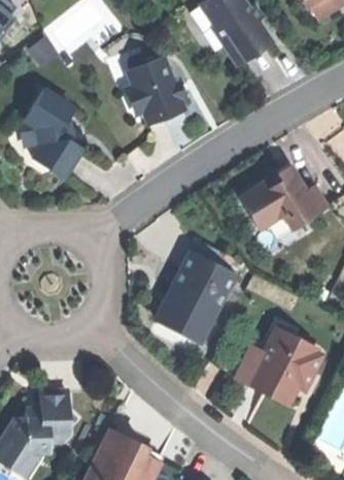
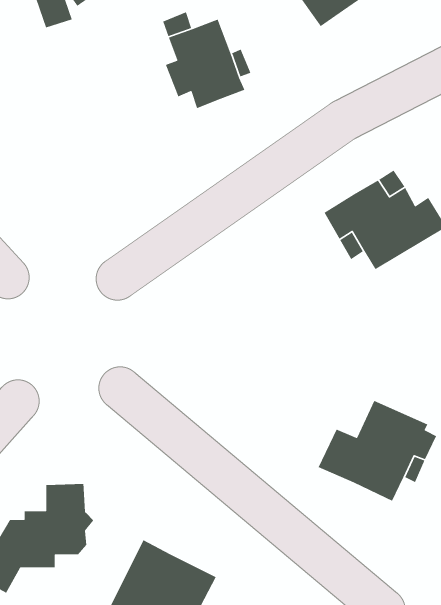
building: [26,90,82,178] -> none
building: [157,253,234,342] -> none

